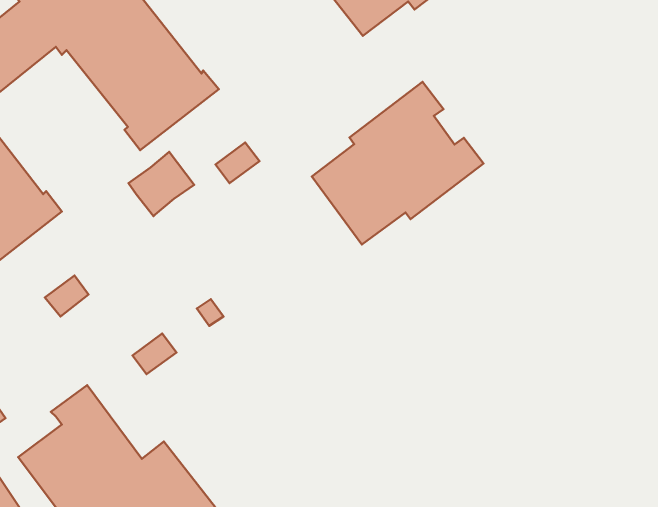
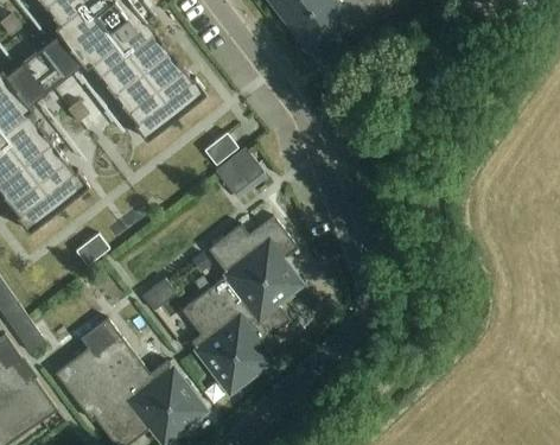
building: [312,82,484,245] -> none
building: [128,152,194,216] -> [212,147,262,196]
building: none -> [179,216,298,392]

